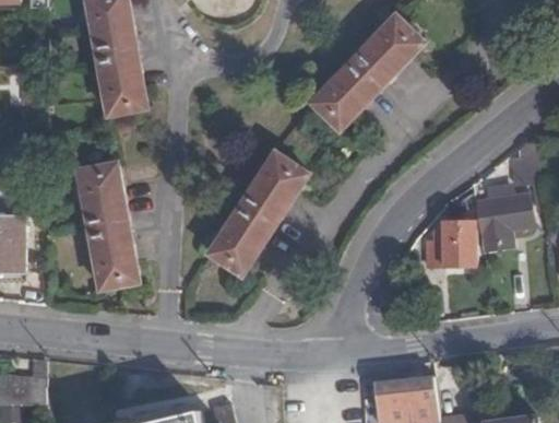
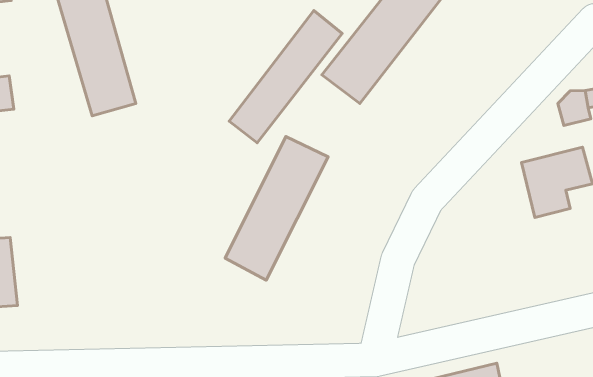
building: none -> [229,11,342,143]
building: [76,164,138,291] -> none
building: [429,220,476,267] -> none

